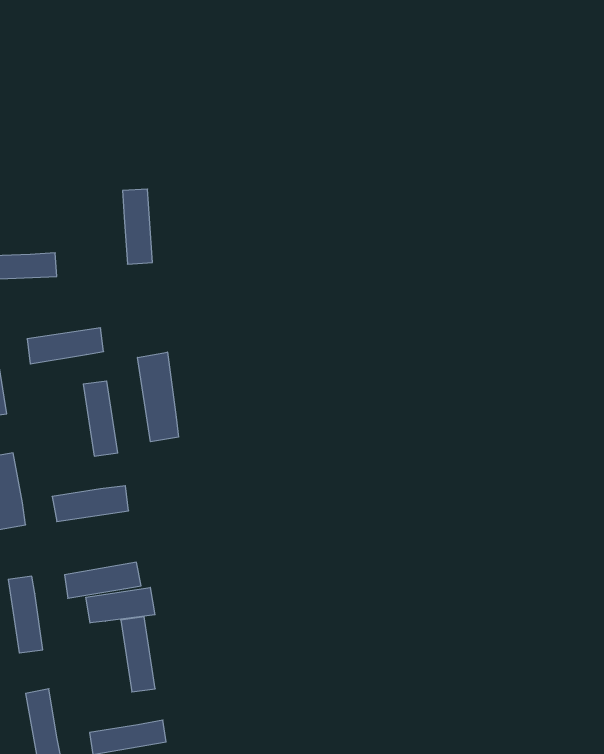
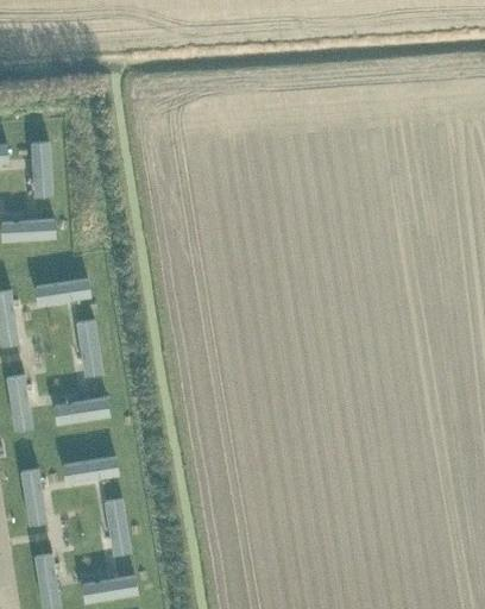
building: [123,189,152,264] -> [30,138,52,195]
building: [138,352,178,442] -> none
building: [86,587,155,623] -> none

